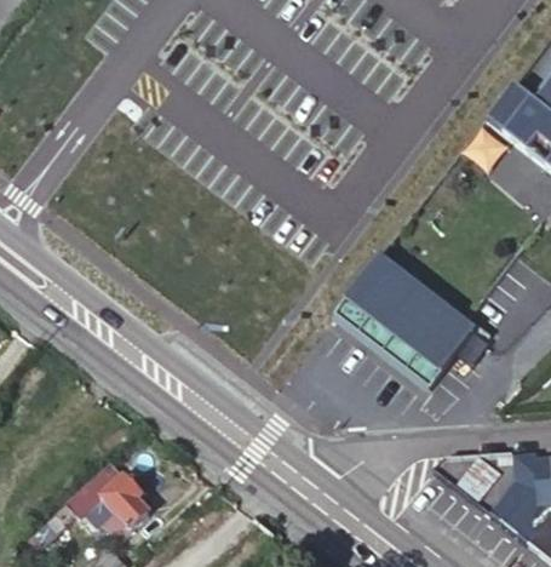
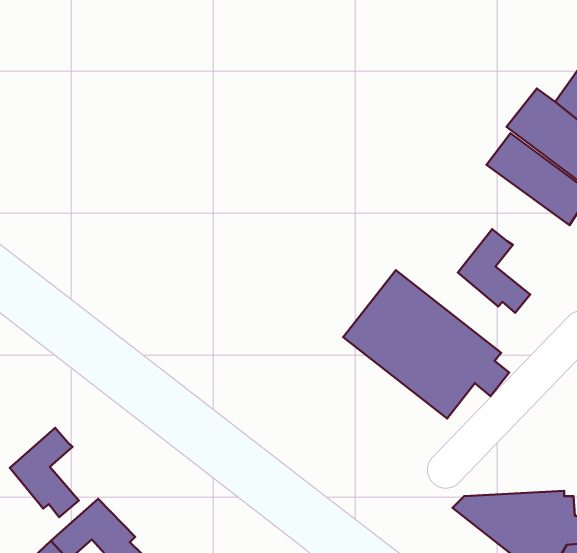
building: none -> [458,229,530,313]
building: none -> [10,428,79,517]

